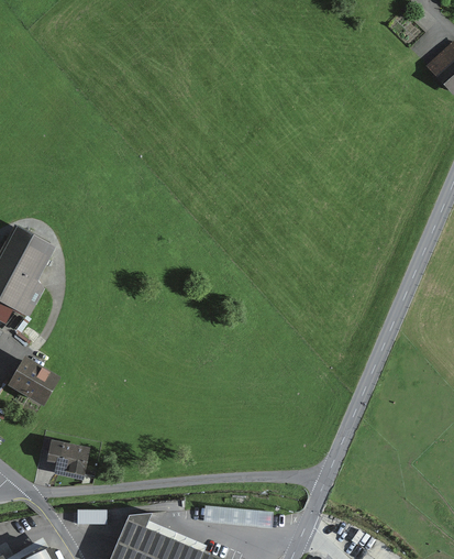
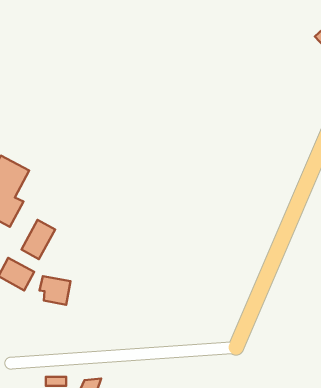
building: none -> [21,220,55,259]
building: [47,439,88,476] -> [40,276,70,305]

